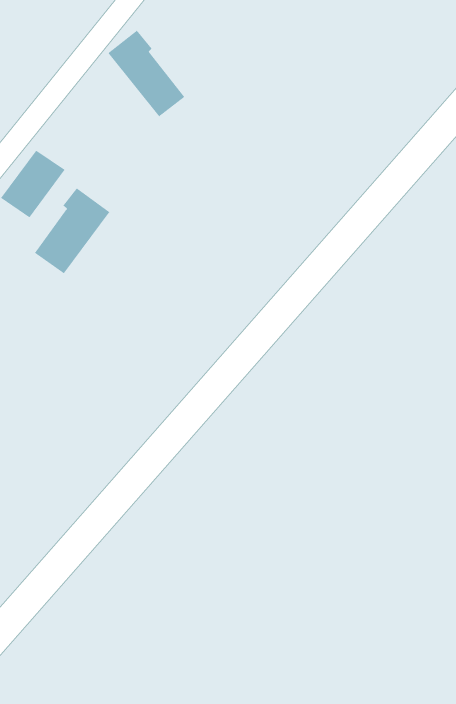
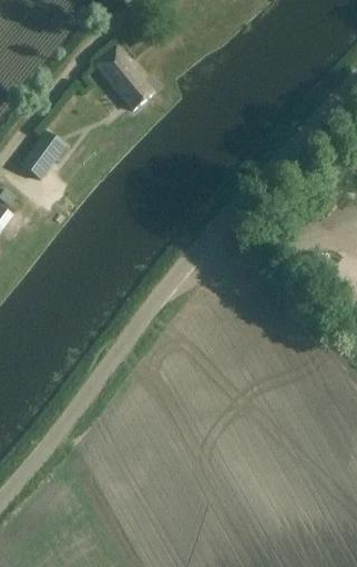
building: [34,187,110,274] -> none

